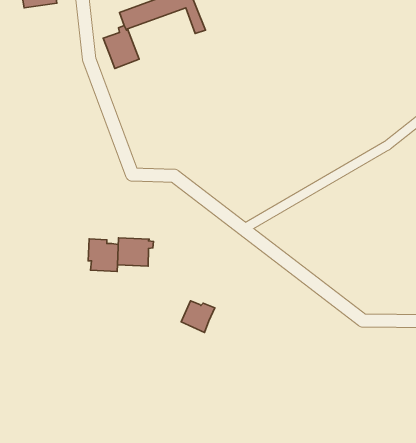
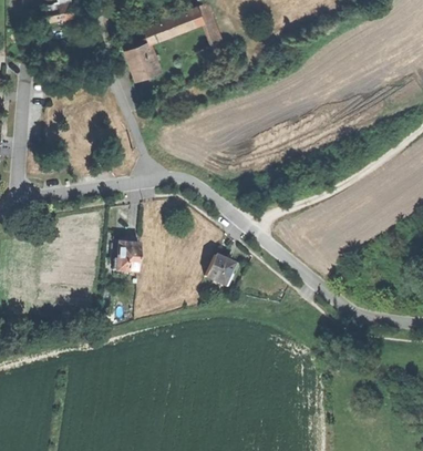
building: [118,238,153,266] -> none
building: [181,301,215,332] -> [206,255,238,285]

